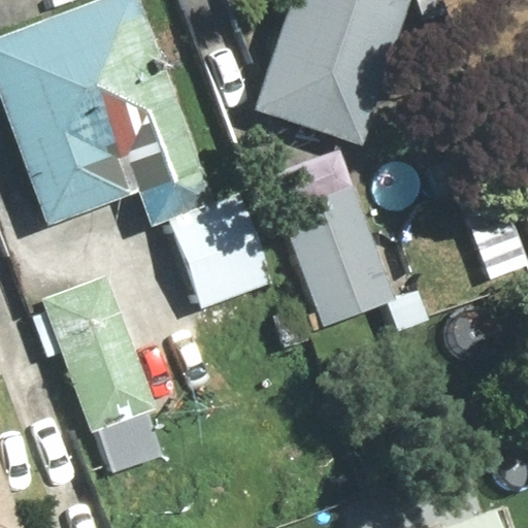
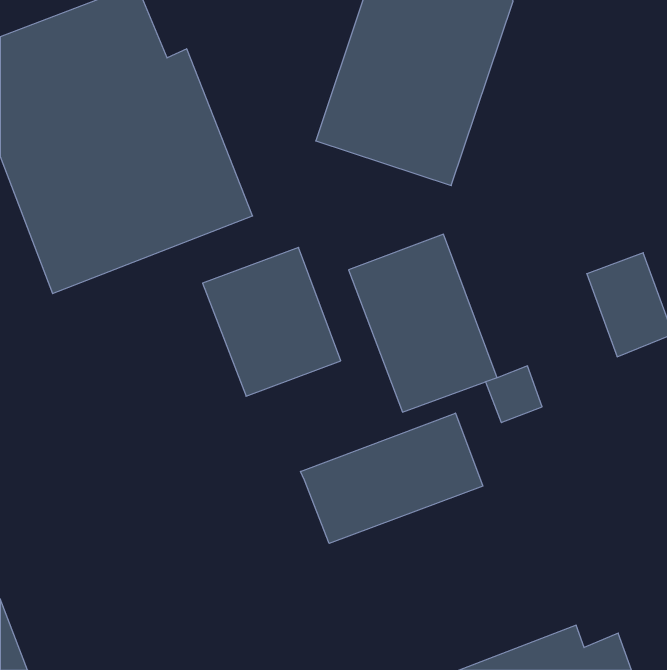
building: [37,273,192,512] -> none
building: none -> [301,413,483,543]

